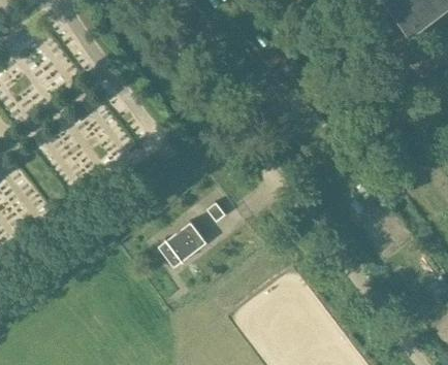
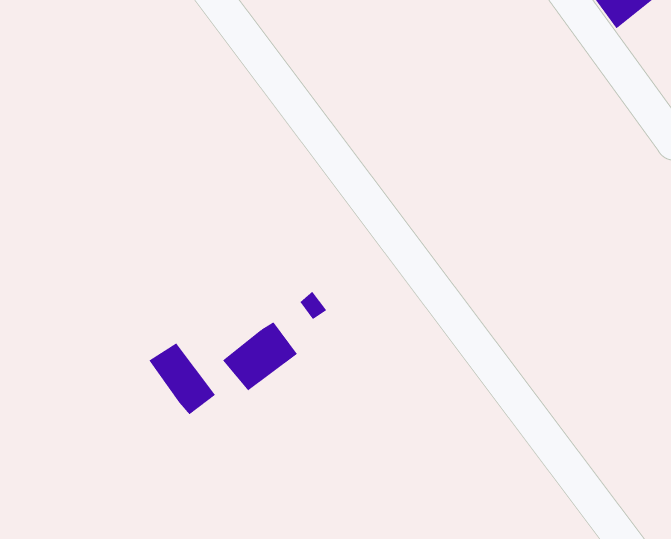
building: none -> [148,342,216,415]

